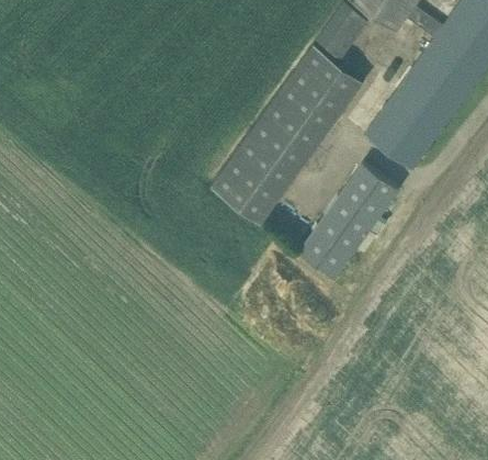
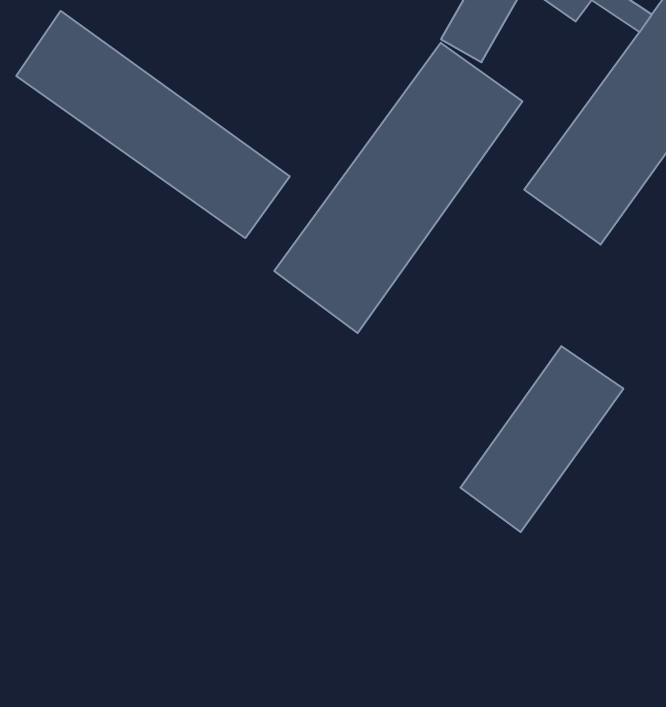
building: none -> [16,11,290,238]
building: [296,164,397,279] -> [460,346,623,532]

